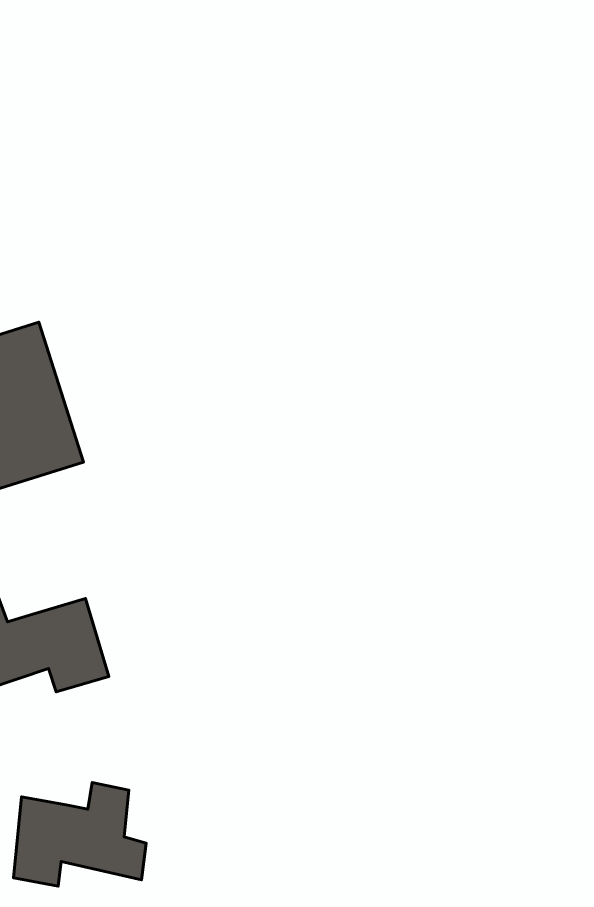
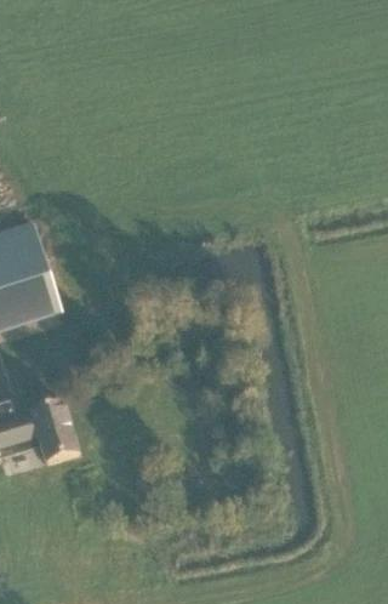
building: [13,782,146,886] -> none

